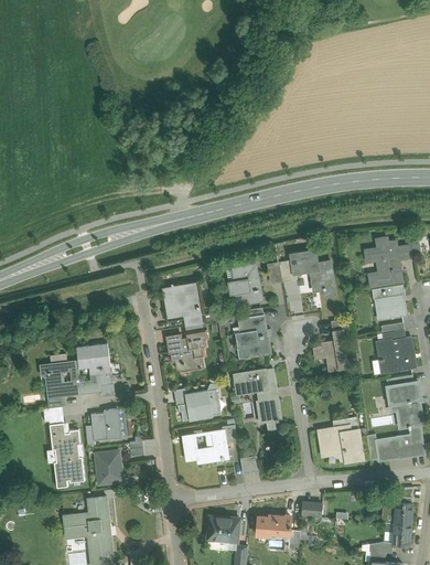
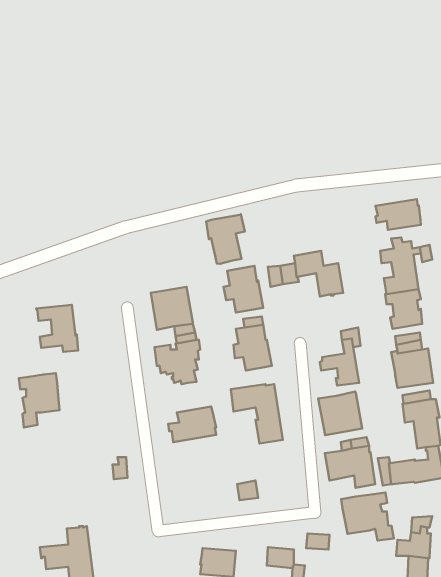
building: none -> [375,199,421,230]
building: none -> [206,214,245,264]
building: [76,354,114,396] -> [36,305,78,352]
building: none -> [318,392,362,435]
building: [90,409,119,440] -> none
building: [49,423,84,488] -> none
building: [182,426,236,463] -> none
building: [95,451,121,484] -> none
building: none -> [341,492,394,540]

